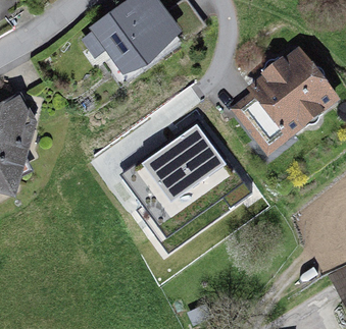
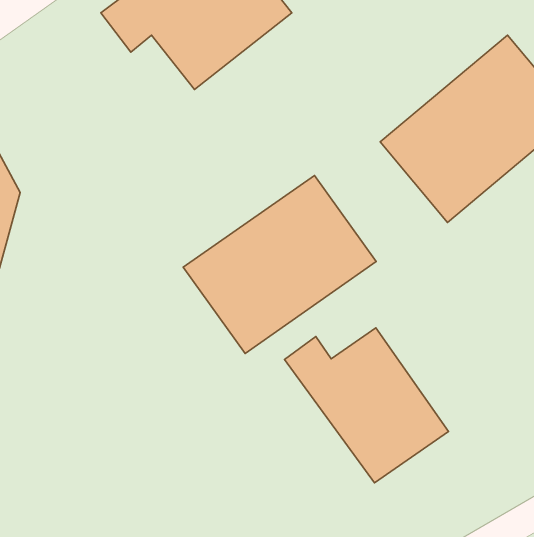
building: none -> [284,328,449,483]

